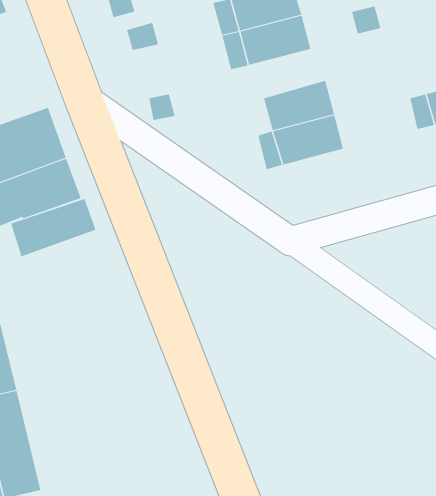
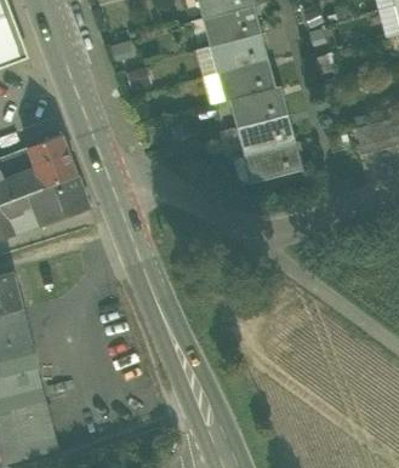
building: none -> [229,85,287,126]
building: [11,198,96,257] -> none

